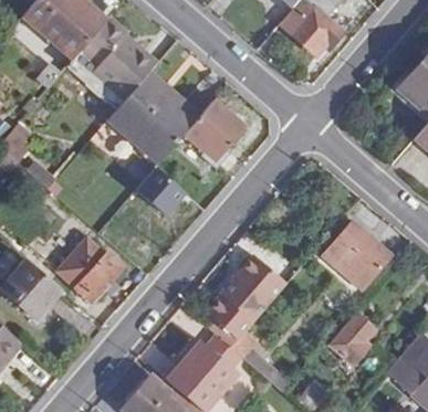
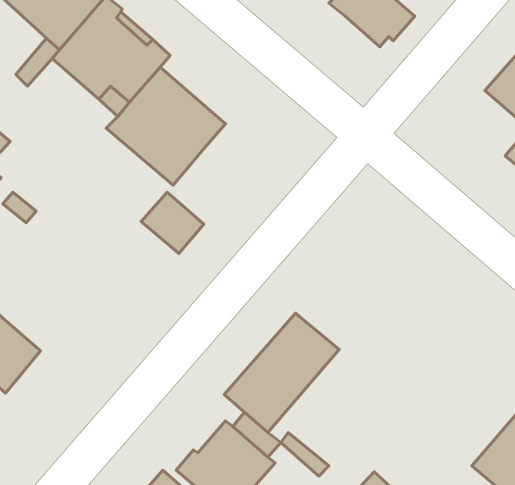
building: [185,98,246,159] -> none
building: [322,224,392,293] -> none
building: [60,237,124,302] -> none
building: [331,317,374,366] -> none

